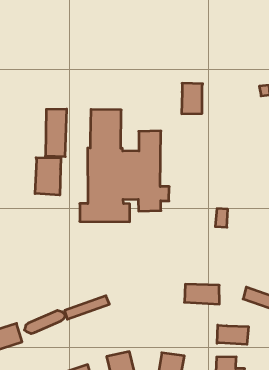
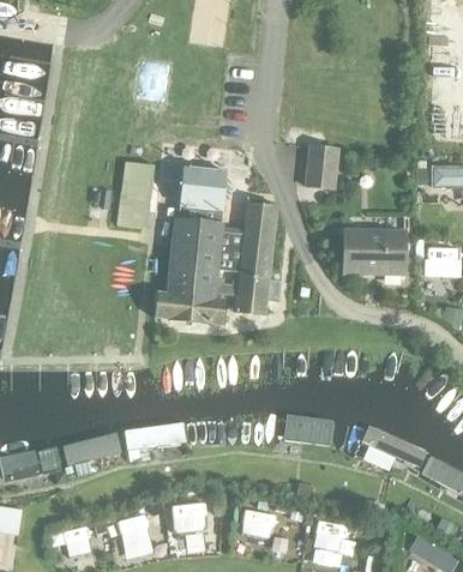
building: none -> [344,230,404,273]
building: [35,158,61,195] -> none
building: [217,325,248,344] -> none

